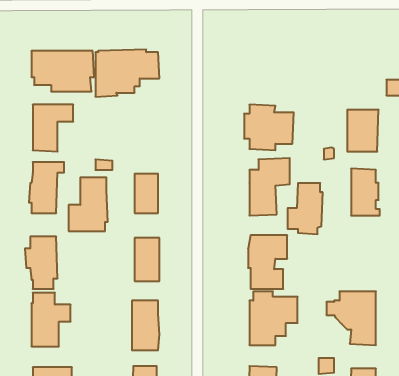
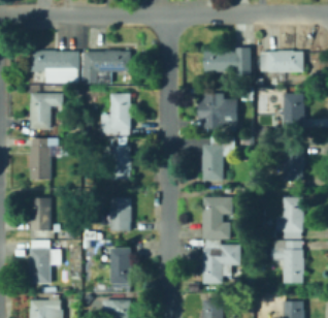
building: none -> [202,46,250,73]
building: none -> [260,50,302,71]
building: [69,177,108,231] -> [100,92,131,134]
building: [288,183,323,234] -> [276,197,304,237]

